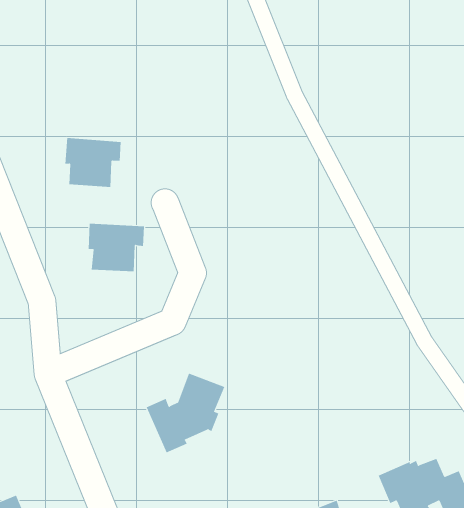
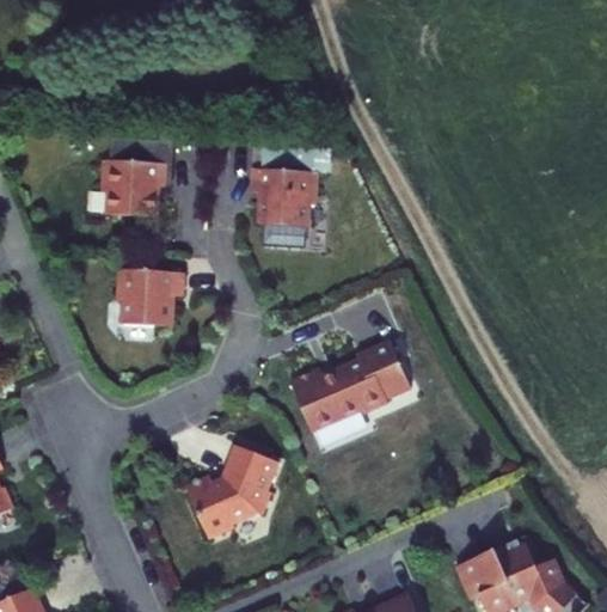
building: none -> [239,177,305,234]
building: none -> [290,339,411,430]

